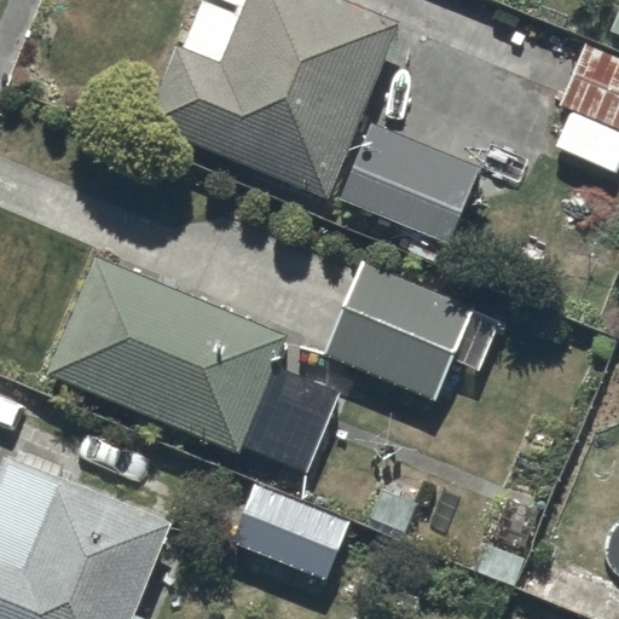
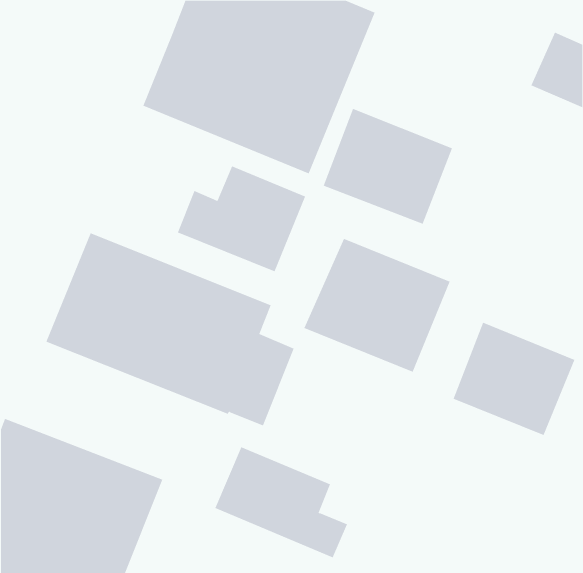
building: none -> [177,166,306,272]
building: none -> [453,322,575,436]

